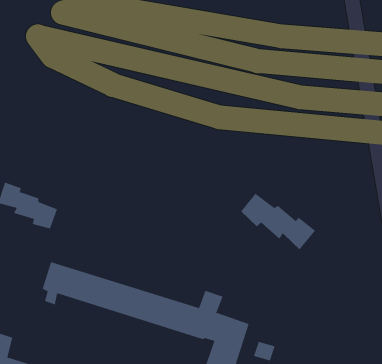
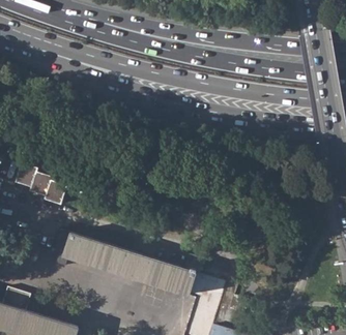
building: [240,193,316,250] -> none

